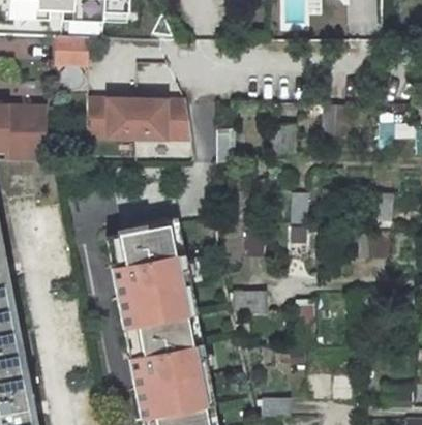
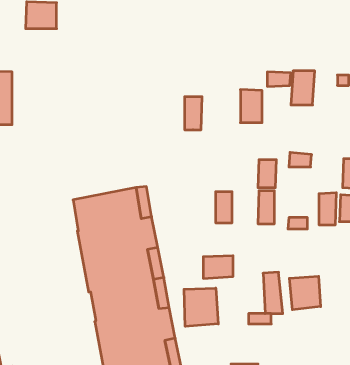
building: [86,99,190,135] -> none
building: none -> [289,276,321,310]
building: none -> [184,288,218,326]

